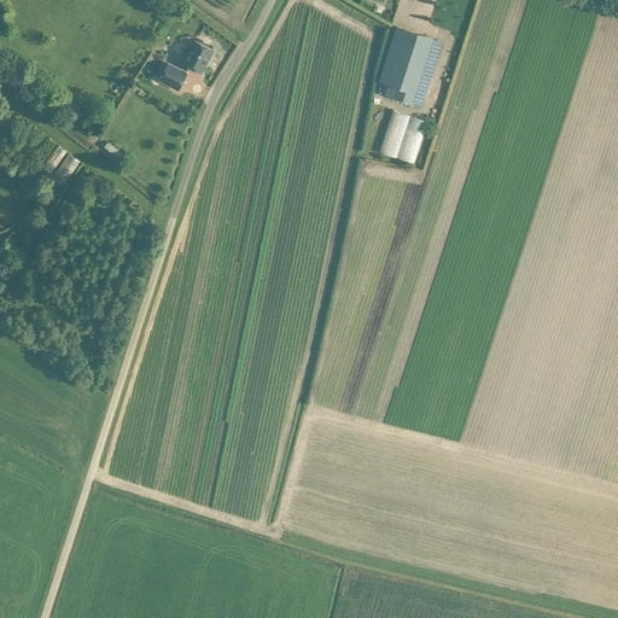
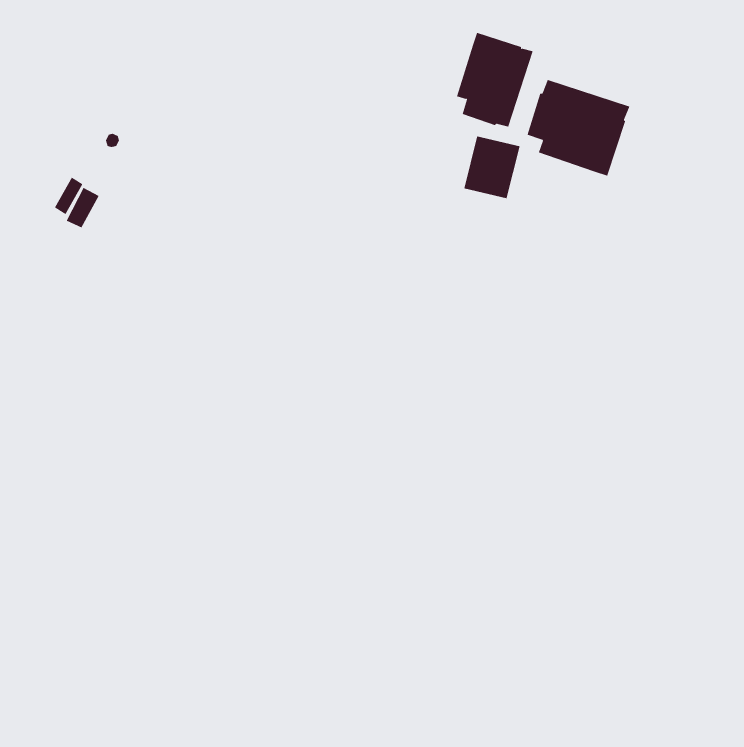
building: [157,40,211,89] -> none
building: none -> [527,79,630,176]

